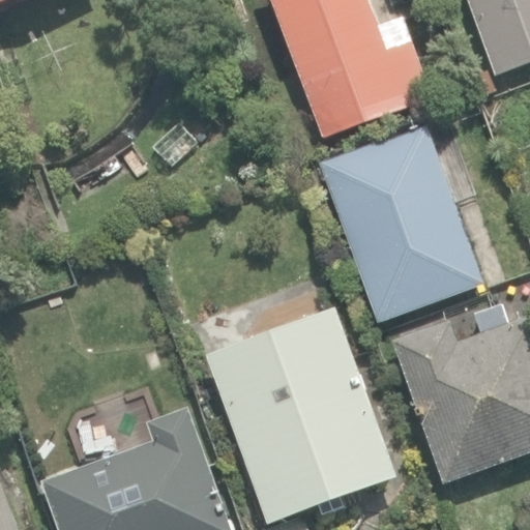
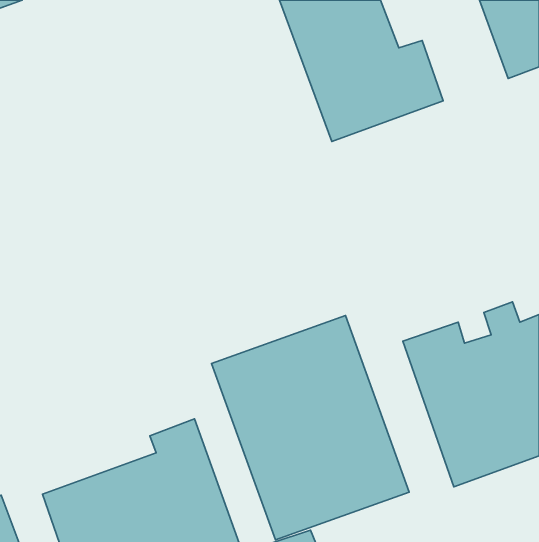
building: [317,118,482,316] -> none

